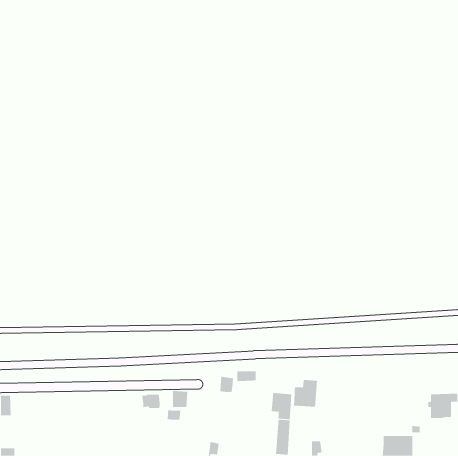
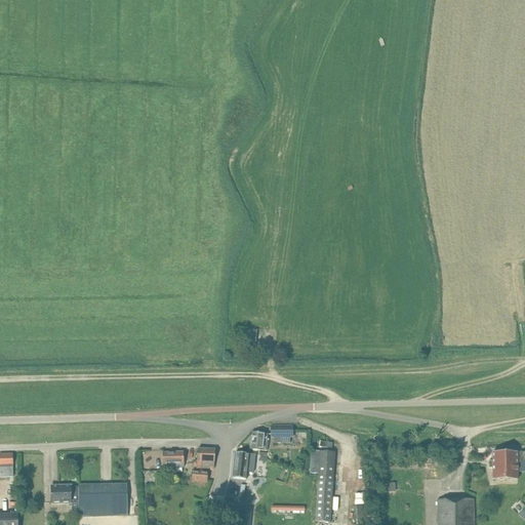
building: [294,379,318,407] -> none
building: none -> [233,451,255,478]
building: none -> [50,483,127,515]

